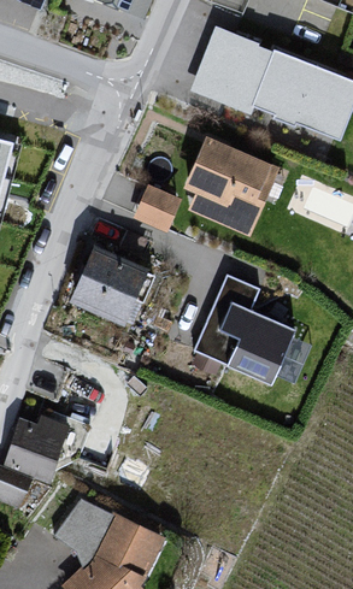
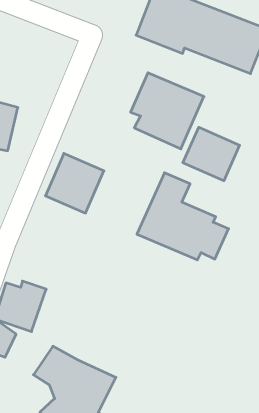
building: [134,185,182,232] -> none
building: none -> [183,127,240,181]

